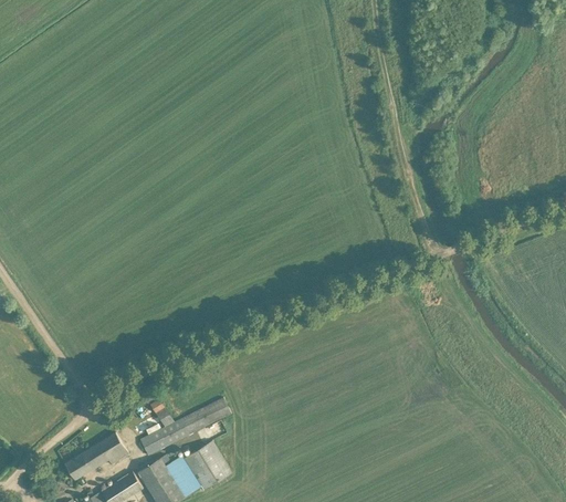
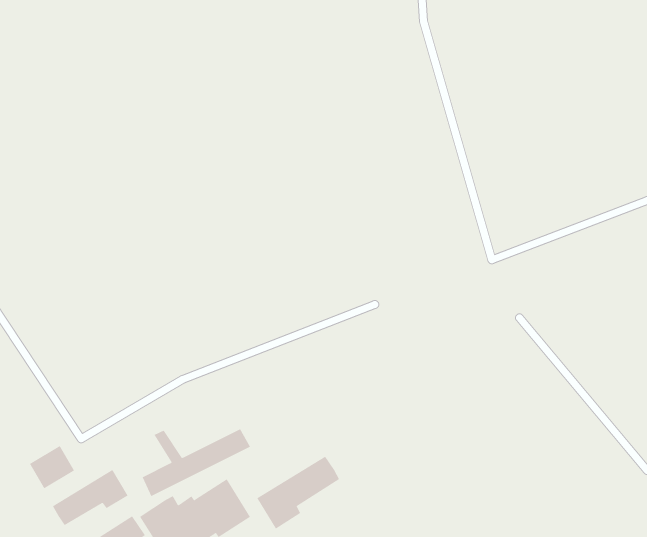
building: none -> [29,445,75,489]
building: none -> [256,456,340,529]

